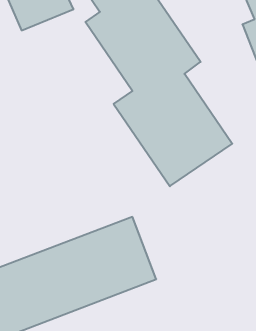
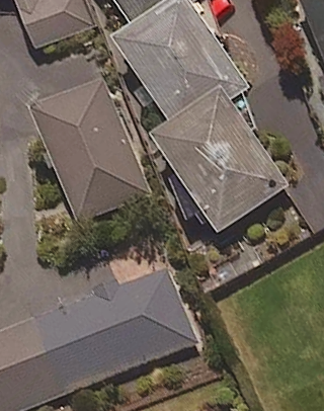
building: none -> [32,79,150,222]

